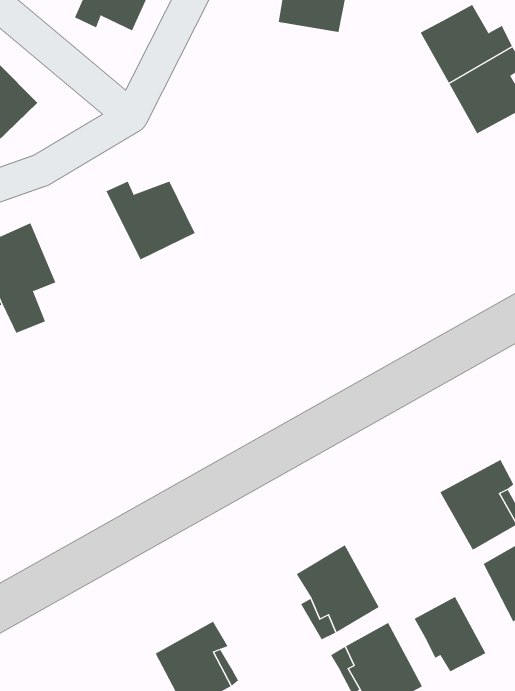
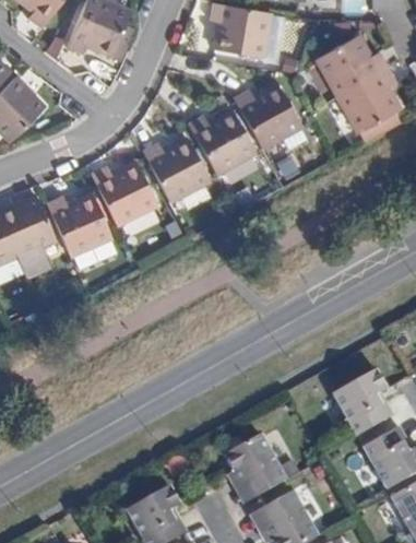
building: none -> [233,87,307,149]
building: none -> [187,113,254,173]
building: none -> [142,140,207,202]
building: none -> [46,198,109,256]
building: [414,596,486,672] -> none

